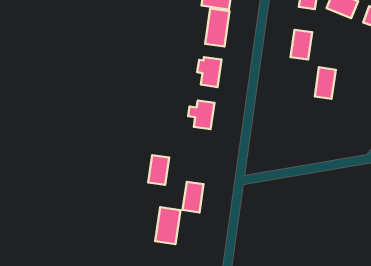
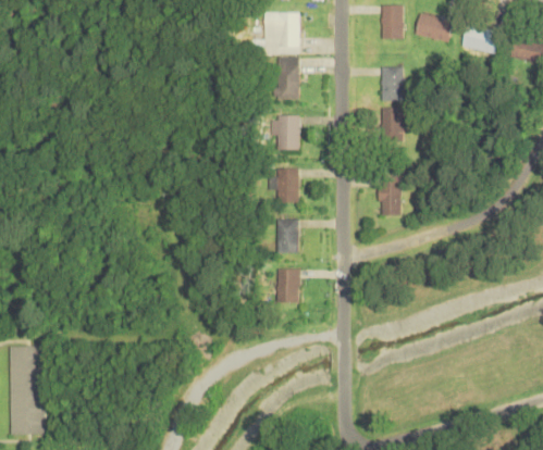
building: [315,67,336,99] -> [383,110,404,146]
building: none -> [378,178,400,216]
building: [148,155,169,185] -> [276,220,297,253]
building: [155,207,180,244] -> none

